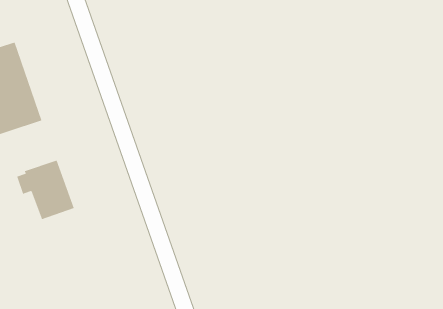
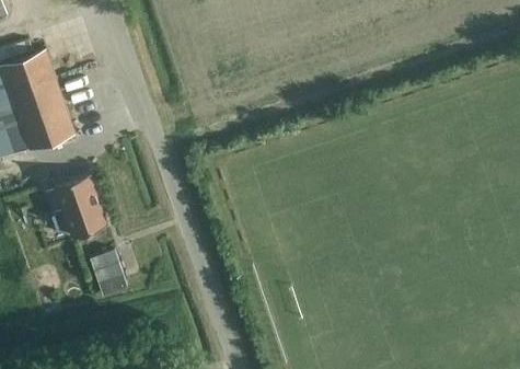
building: none -> [89,251,127,296]

